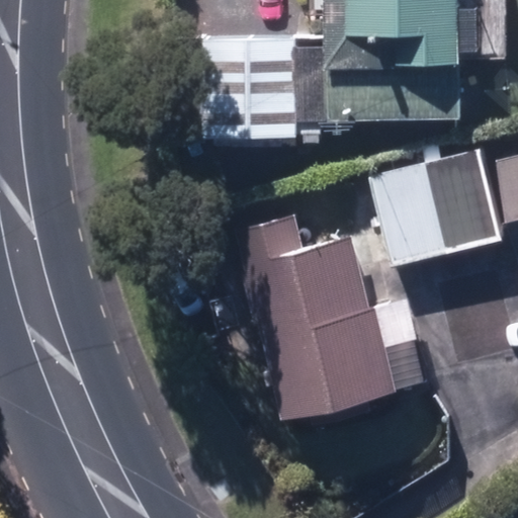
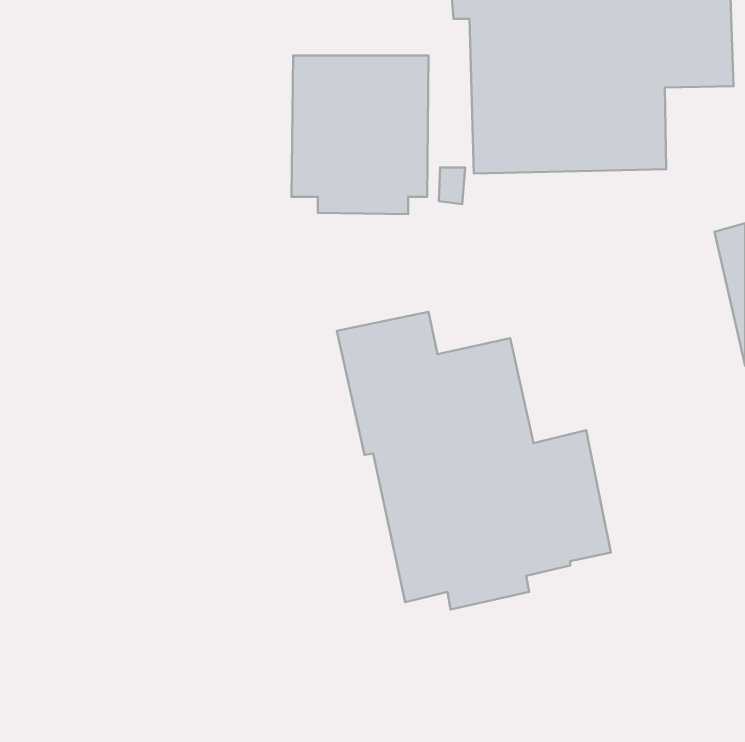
building: [367,148,504,267] -> none

